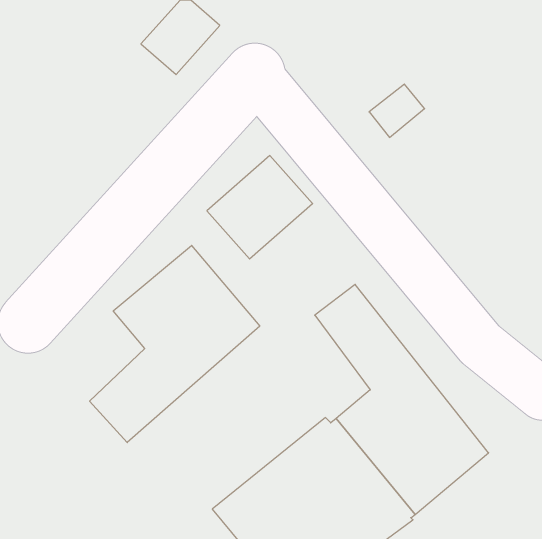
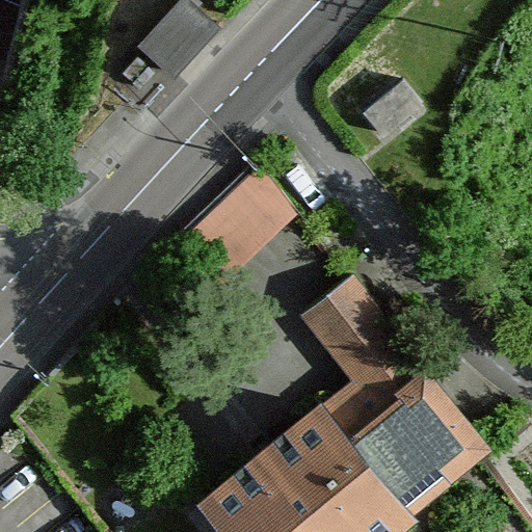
building: [90,245,260,443] -> none

